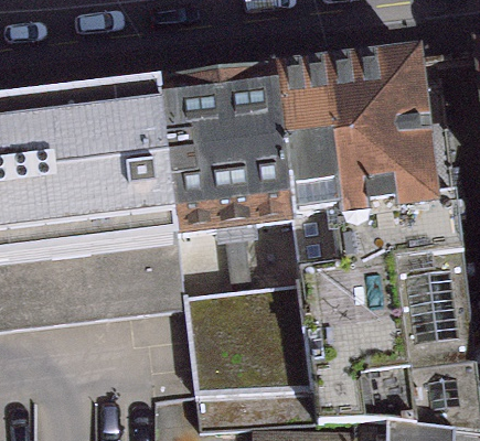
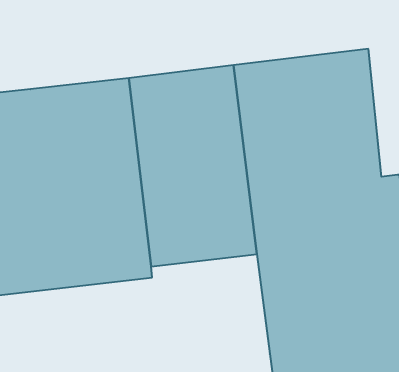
building: [184,280,314,394] -> none

